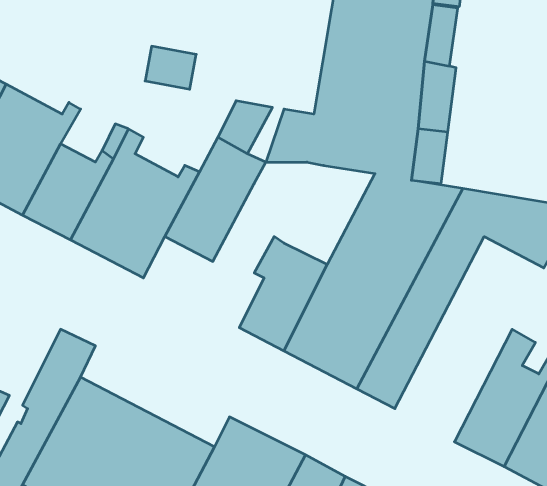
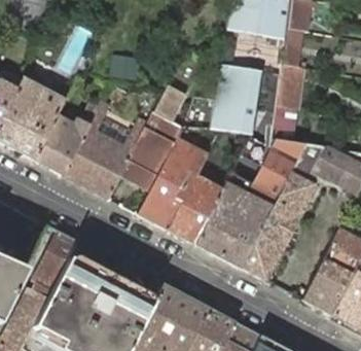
building: none -> [139,140,208,230]

